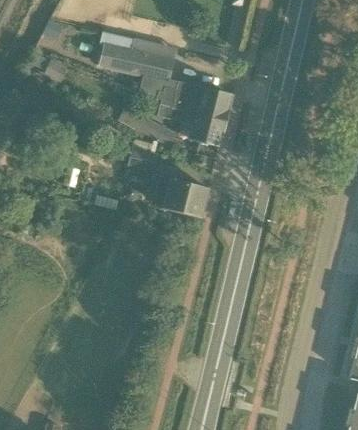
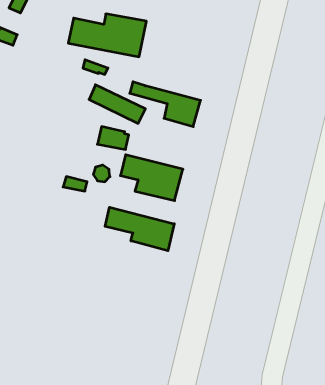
building: [156,84,231,123] -> none
building: none -> [105,207,174,251]

